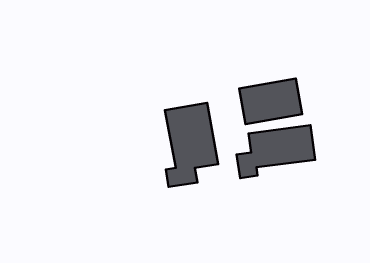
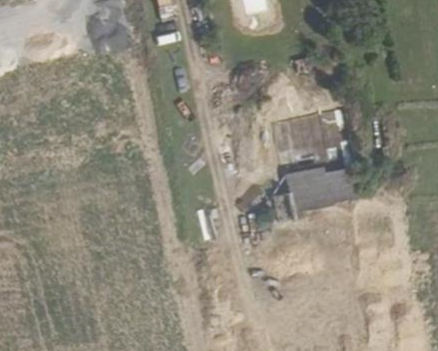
building: [165,103,218,187] -> none

